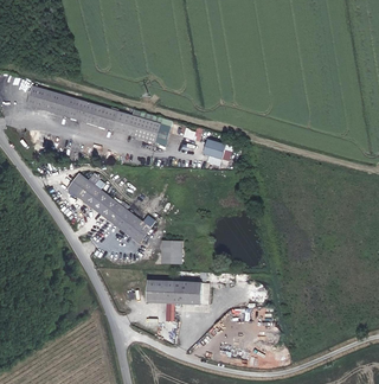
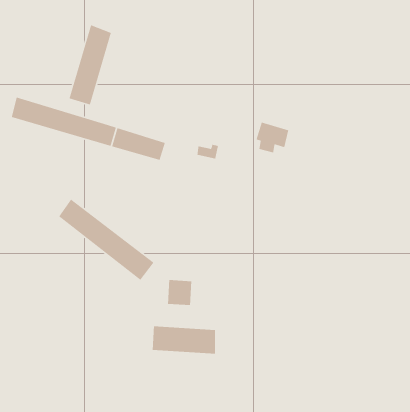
building: none -> [69,24,112,106]
building: [205,137,233,165] -> [256,122,289,154]

